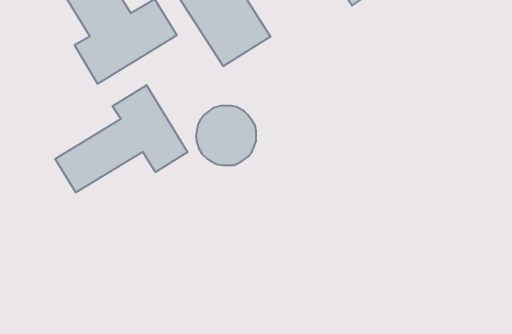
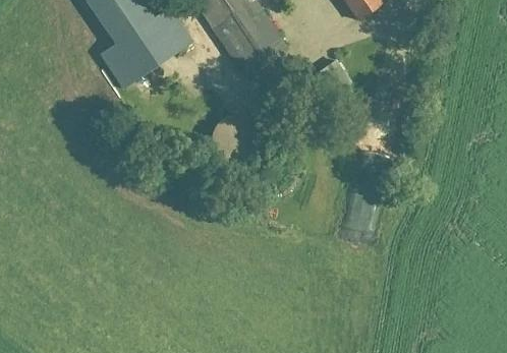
building: [55,85,188,192] -> none

